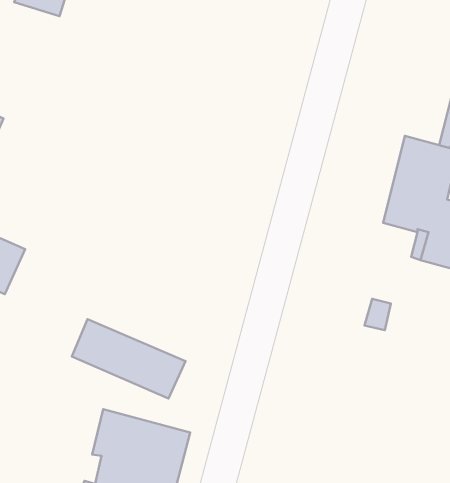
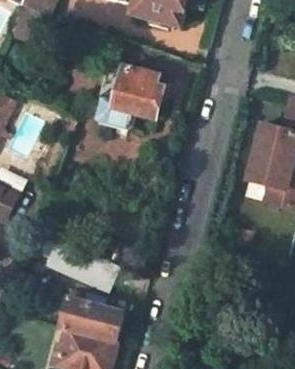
building: none -> [94,64,163,131]

